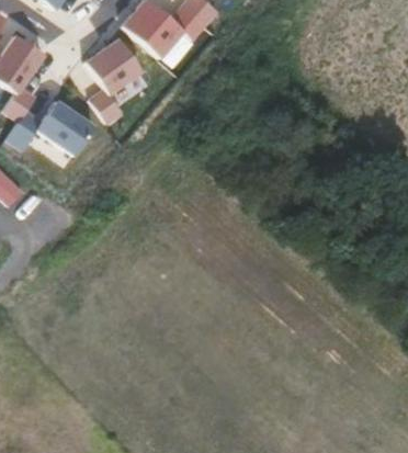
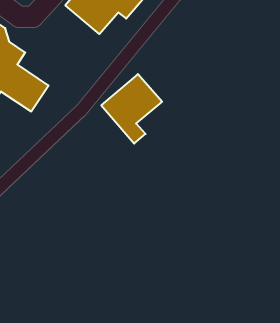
building: [68,35,145,123] -> [101,74,162,144]

